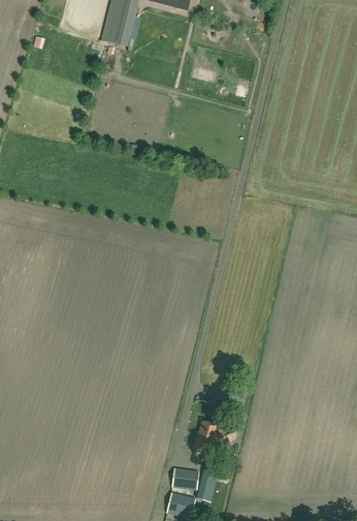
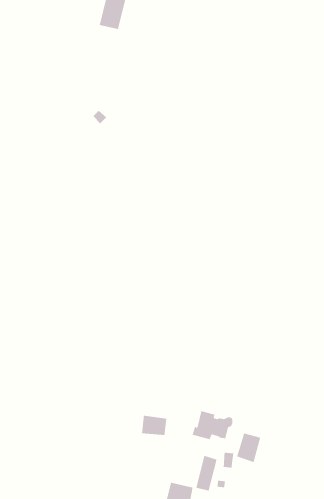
building: none -> [236,432,261,463]
building: [172,467,198,488] -> [141,415,167,436]

